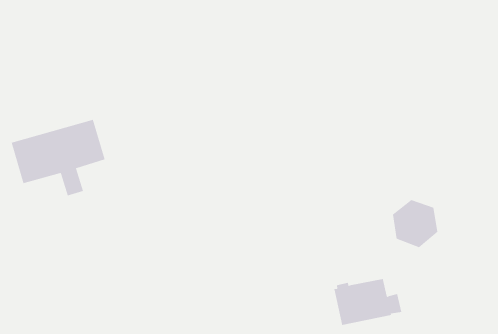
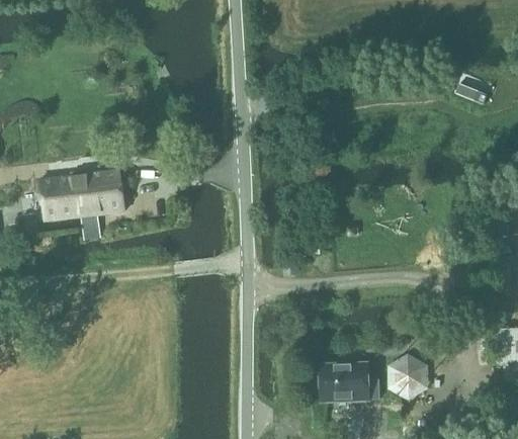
building: [392,199,438,248] -> [387,353,428,400]

